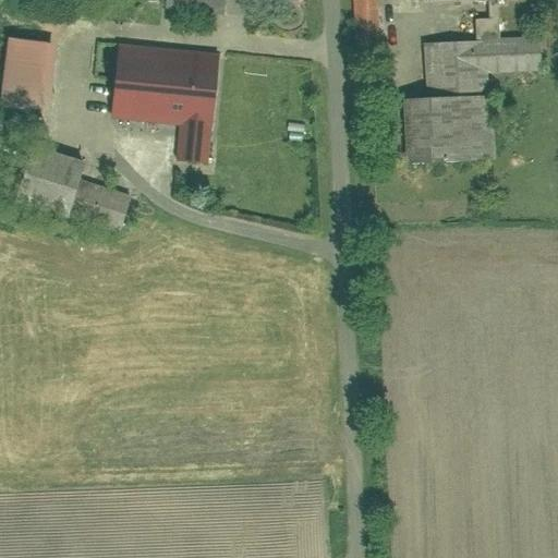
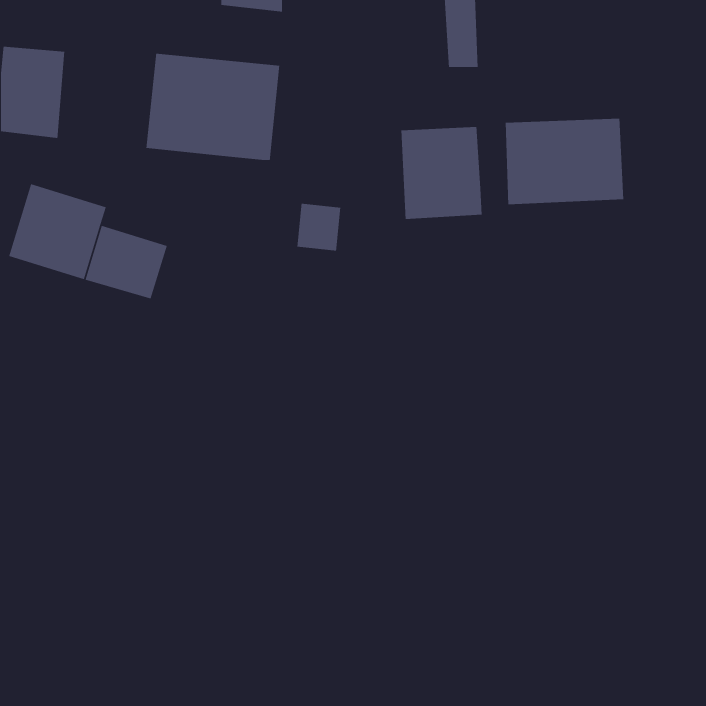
building: [424,36,539,95] -> none
building: none -> [401,126,483,220]
building: [175,123,210,161] -> [297,203,341,251]

